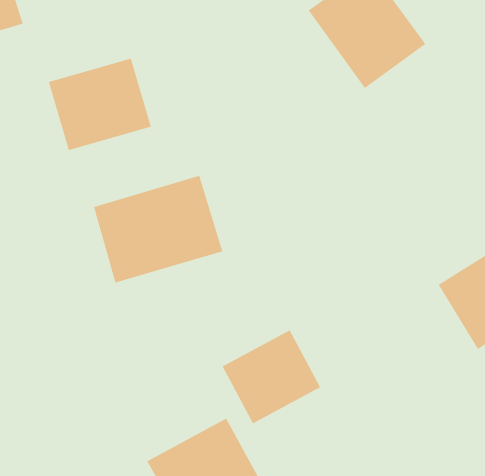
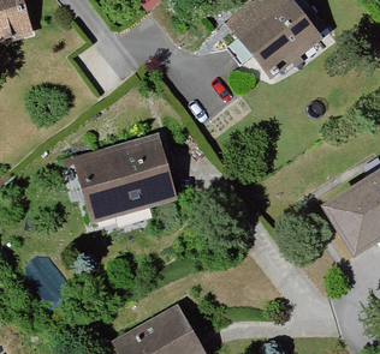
building: [48,58,151,151] -> none
building: [222,329,321,424] -> none

